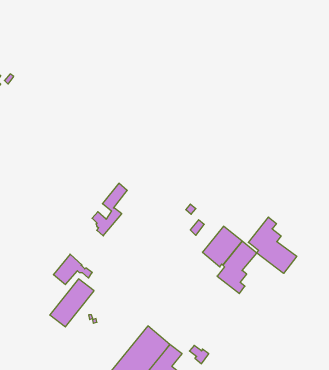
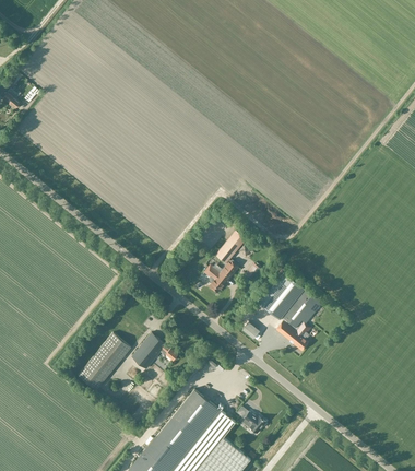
building: [92,183,127,236] -> [203,231,245,293]
building: [248,217,297,273] -> none
building: [53,254,92,285] -> [131,332,177,368]

